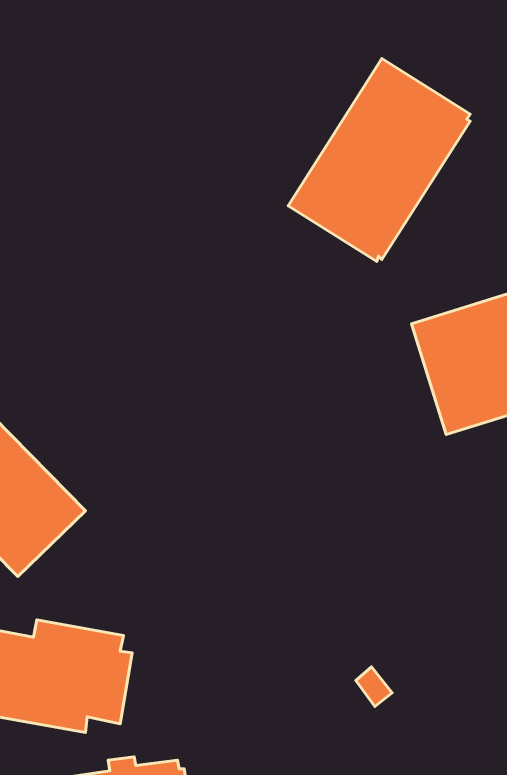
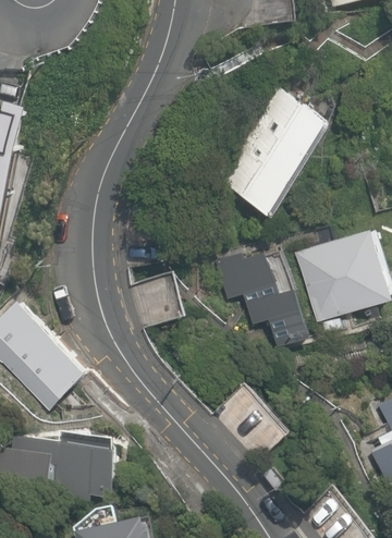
building: none -> [216,249,314,353]

